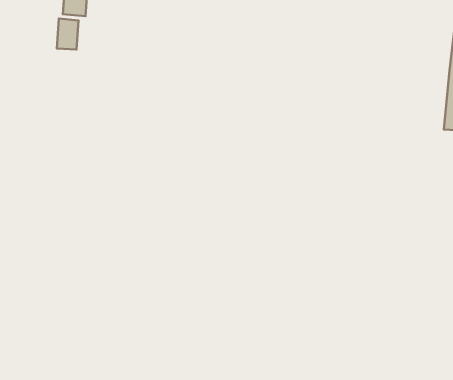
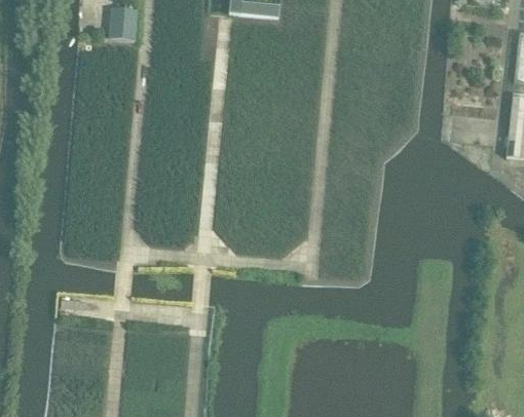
building: [57,18,78,49] -> none

